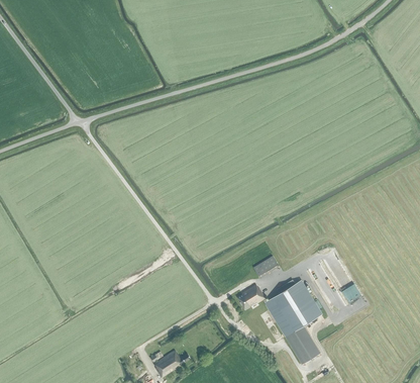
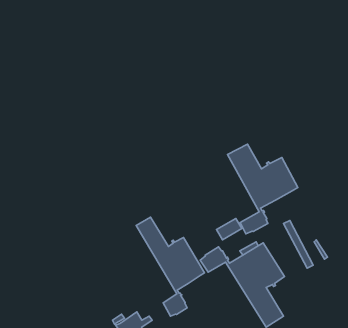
building: none -> [228,144,298,234]
building: none -> [136,217,204,316]

